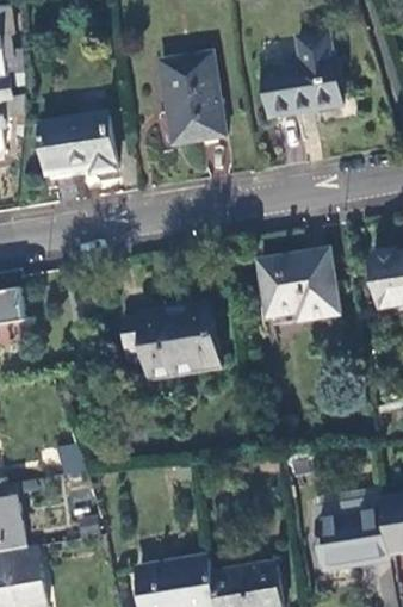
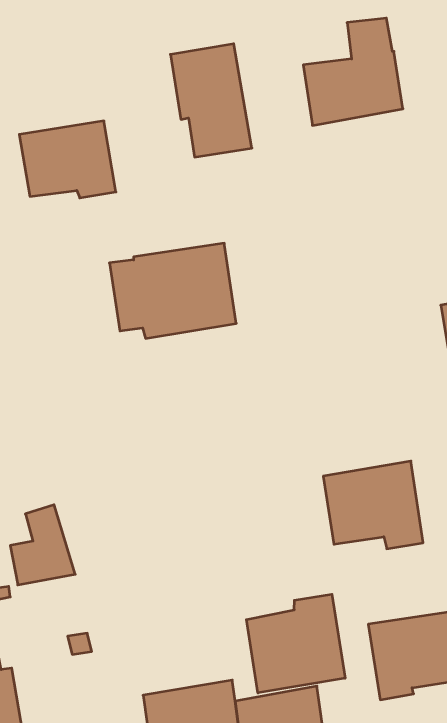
building: [259,250,337,320] -> [323,461,423,549]
building: [119,303,219,378] -> [109,243,236,338]
building: none -> [246,594,345,693]

